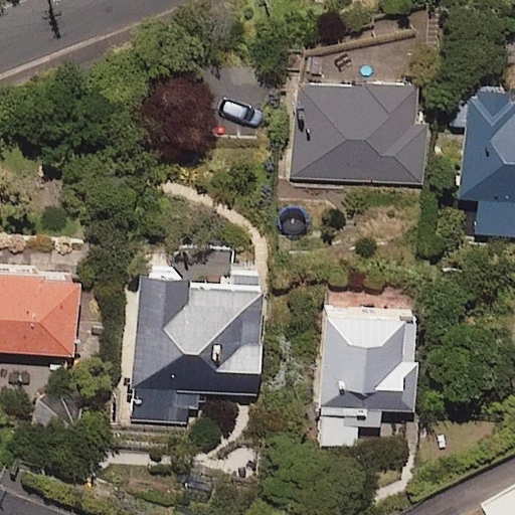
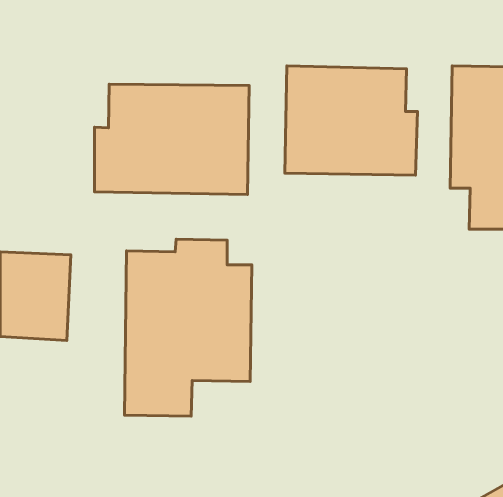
building: none -> [95,84,249,195]
building: [322,302,414,455] -> none

